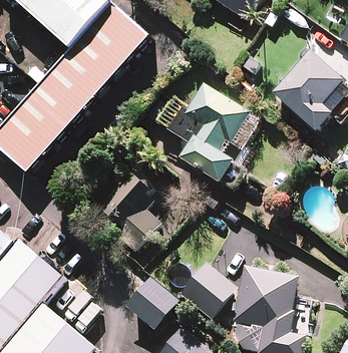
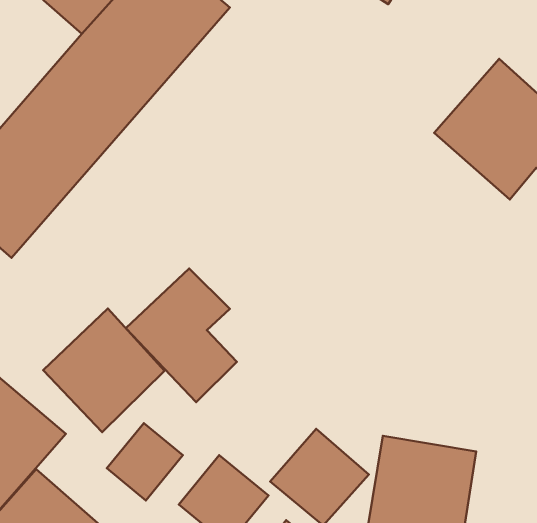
building: [168,86,245,186] -> none
building: none -> [43,309,165,432]
building: none -> [107,423,183,500]

